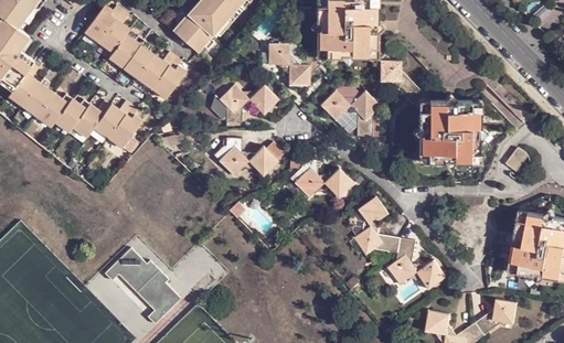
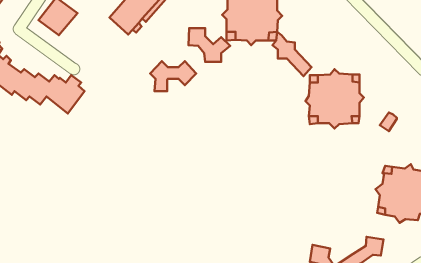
building: [107,32,183,96] -> none
building: [322,89,381,135] -> none
building: [221,137,278,175] -> none
building: [296,159,353,196] -> none
building: [350,199,443,291] -> none
building: [103,247,179,324] -> none

